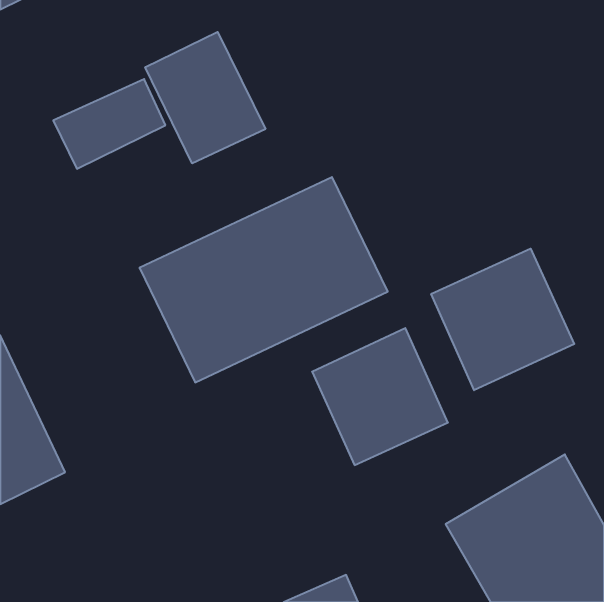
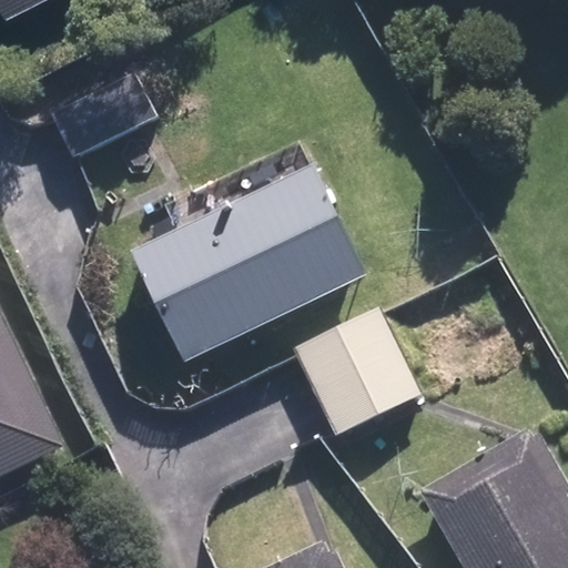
building: [145,32,265,163] -> none
building: [431,249,574,390] -> none

